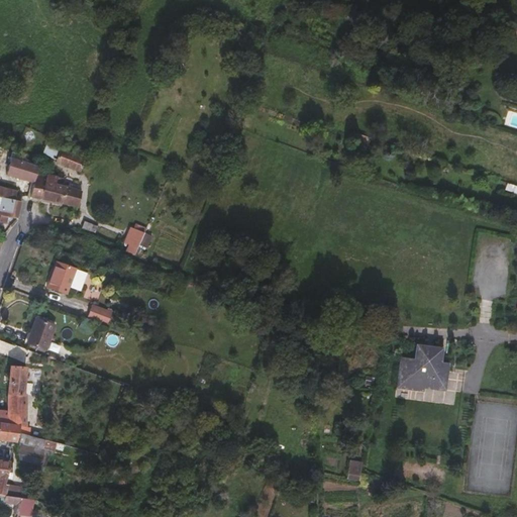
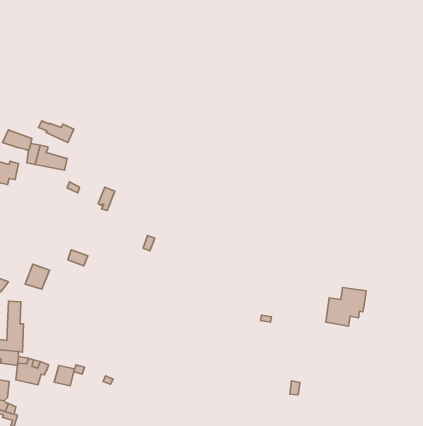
building: [51,262,80,293] -> none
building: [420,365,447,396] -> none
building: none -> [54,366,74,386]

